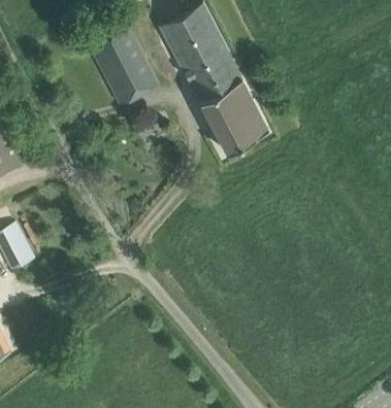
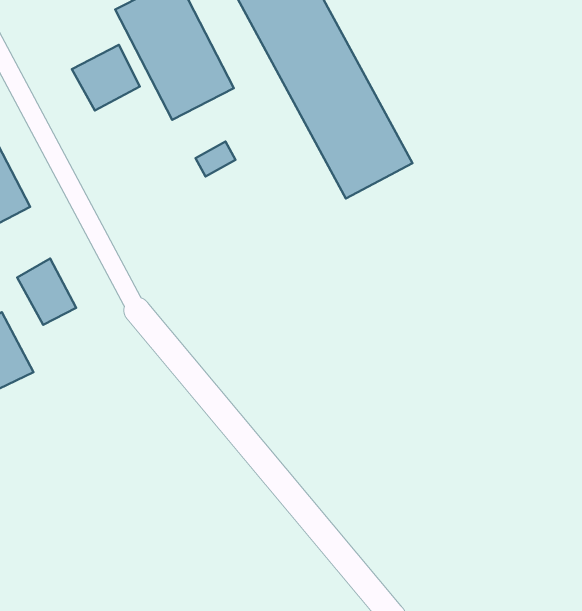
building: none -> [72,45,140,111]
building: none -> [17,259,76,325]

